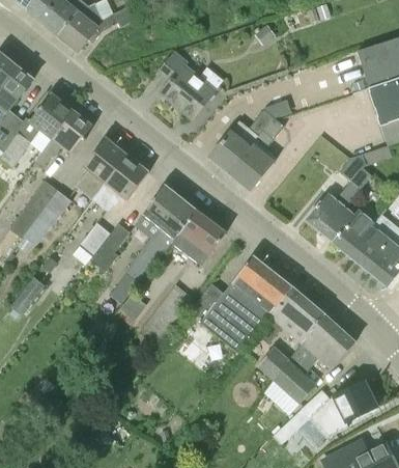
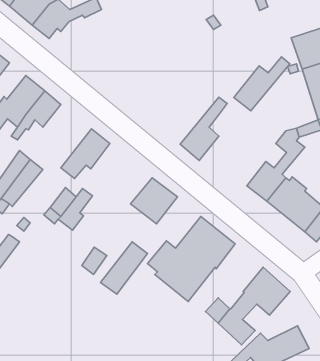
building: [158,52,215,117] -> none
building: [209,110,274,172] -> [234,57,290,111]
building: [77,137,127,199] -> none
building: [125,185,197,281] -> none
building: [270,286,324,341] -> none

